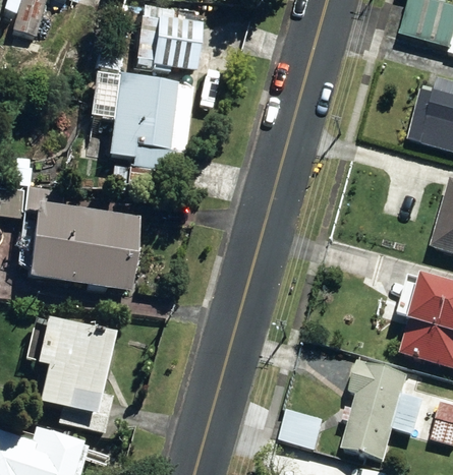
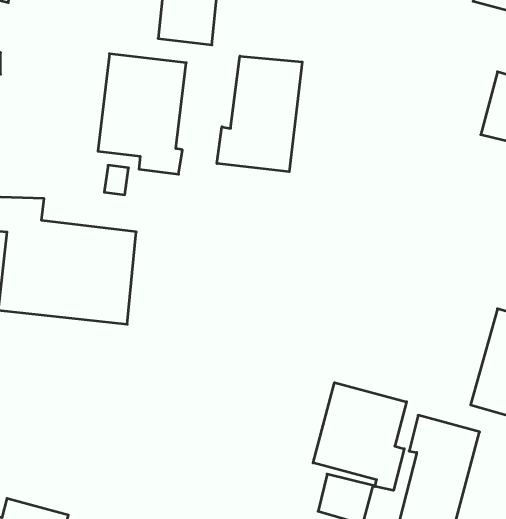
building: none -> [217,56,302,172]
building: [33,315,112,432] -> none
building: none -> [313,383,407,490]

